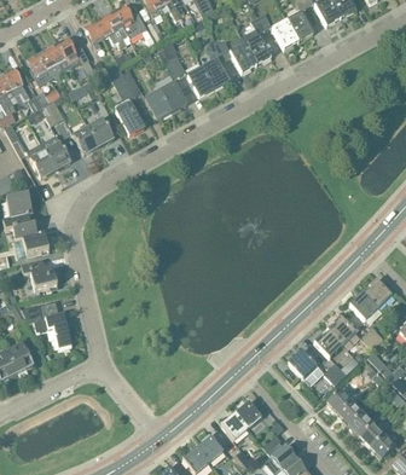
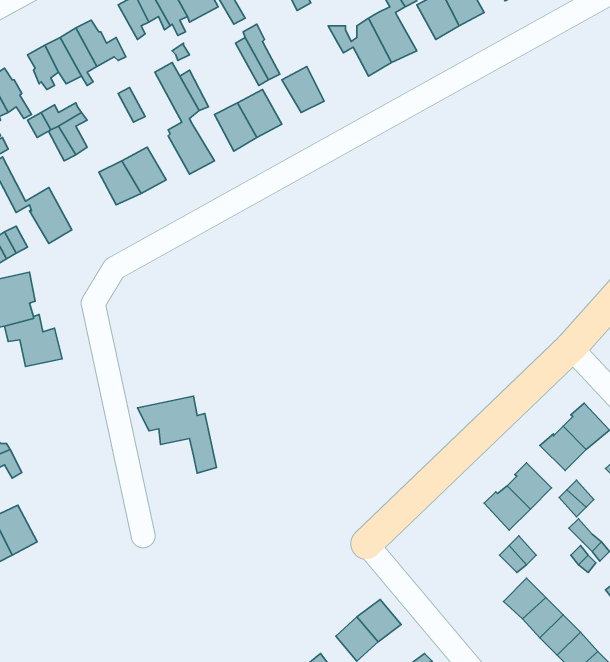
building: [203,41,230,88] -> none
building: [41,135,71,169] -> none
building: [22,259,58,290] -> none
building: [22,301,71,349] -> [137,396,216,473]
building: [289,349,323,384] -> none

